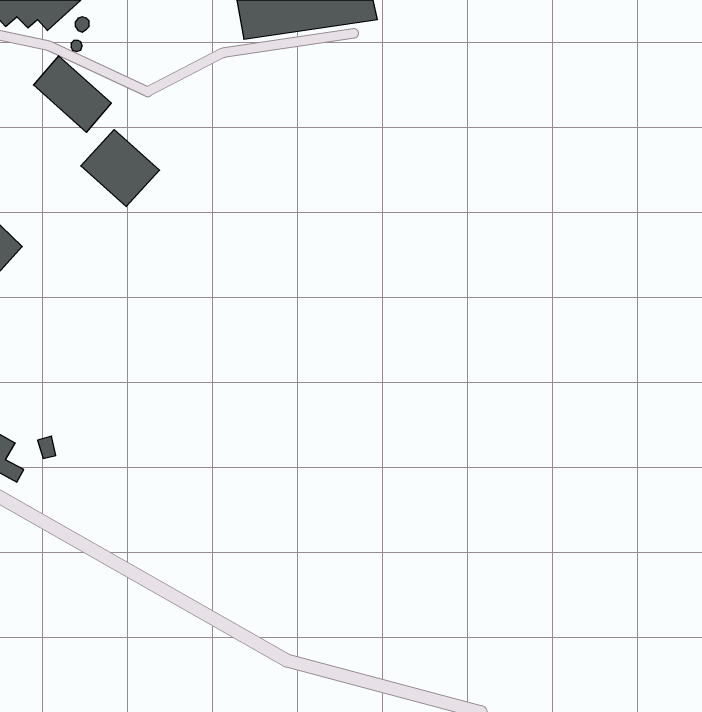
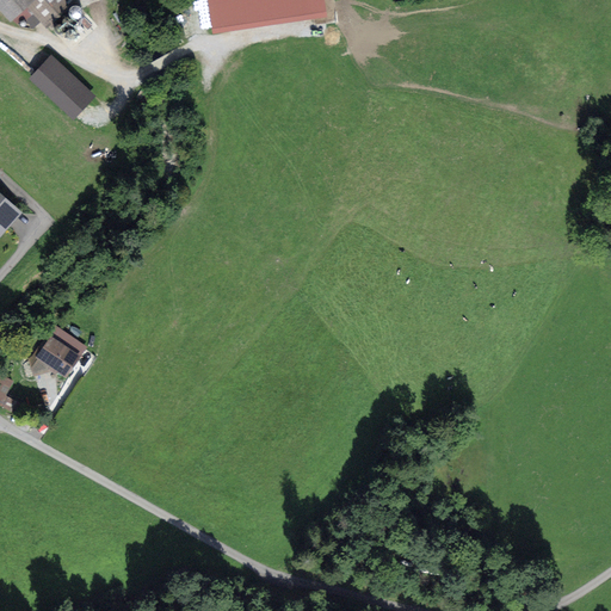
building: [81,130,160,207] -> none
building: none -> [32,325,84,379]

